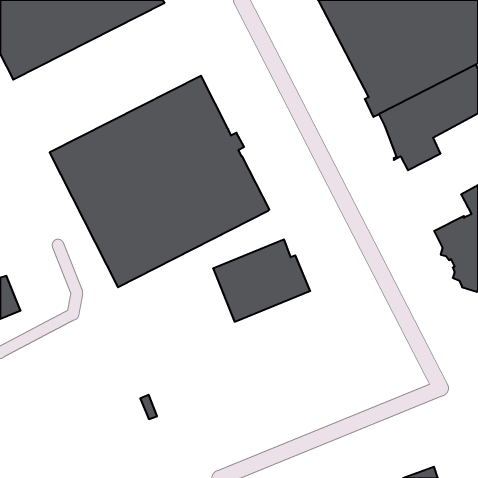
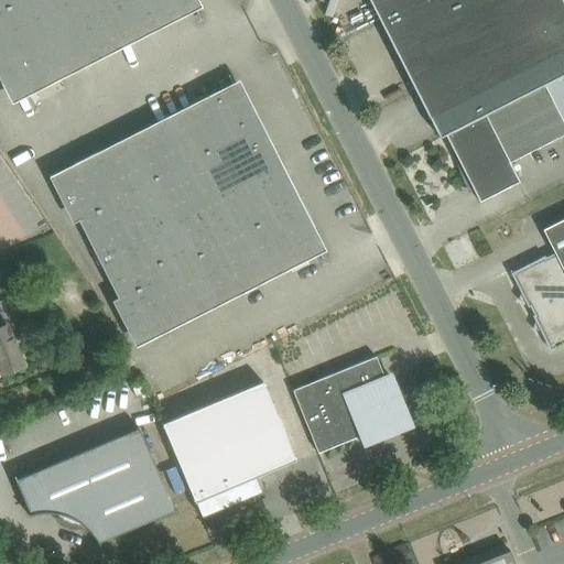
building: [213,239,310,322] -> [293,356,408,453]
building: none -> [162,381,296,517]
building: none -> [15,427,175,544]

